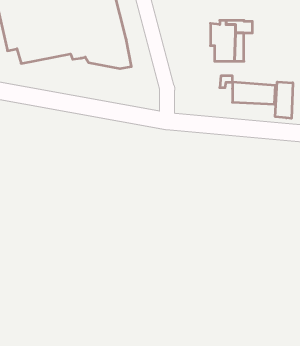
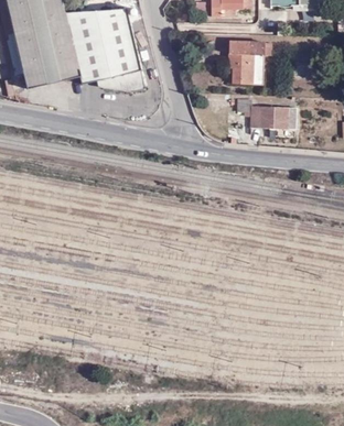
building: [275,82,293,118] -> none

